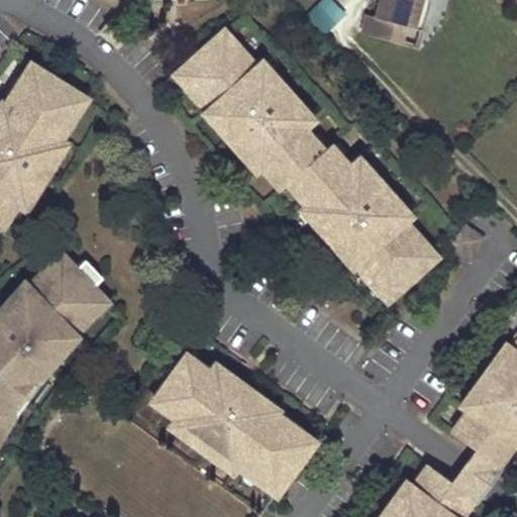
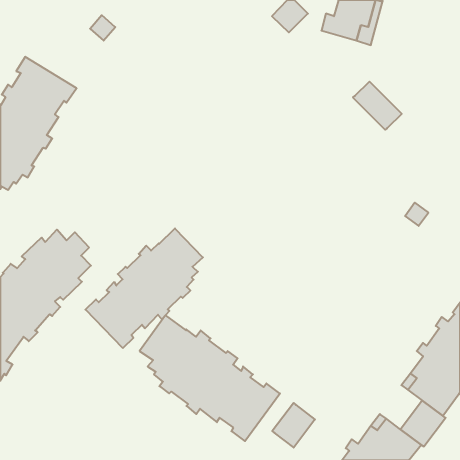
building: [174,29,435,300] -> none
building: none -> [353,82,402,130]
building: none -> [85,228,203,348]
building: none -> [272,403,315,448]

